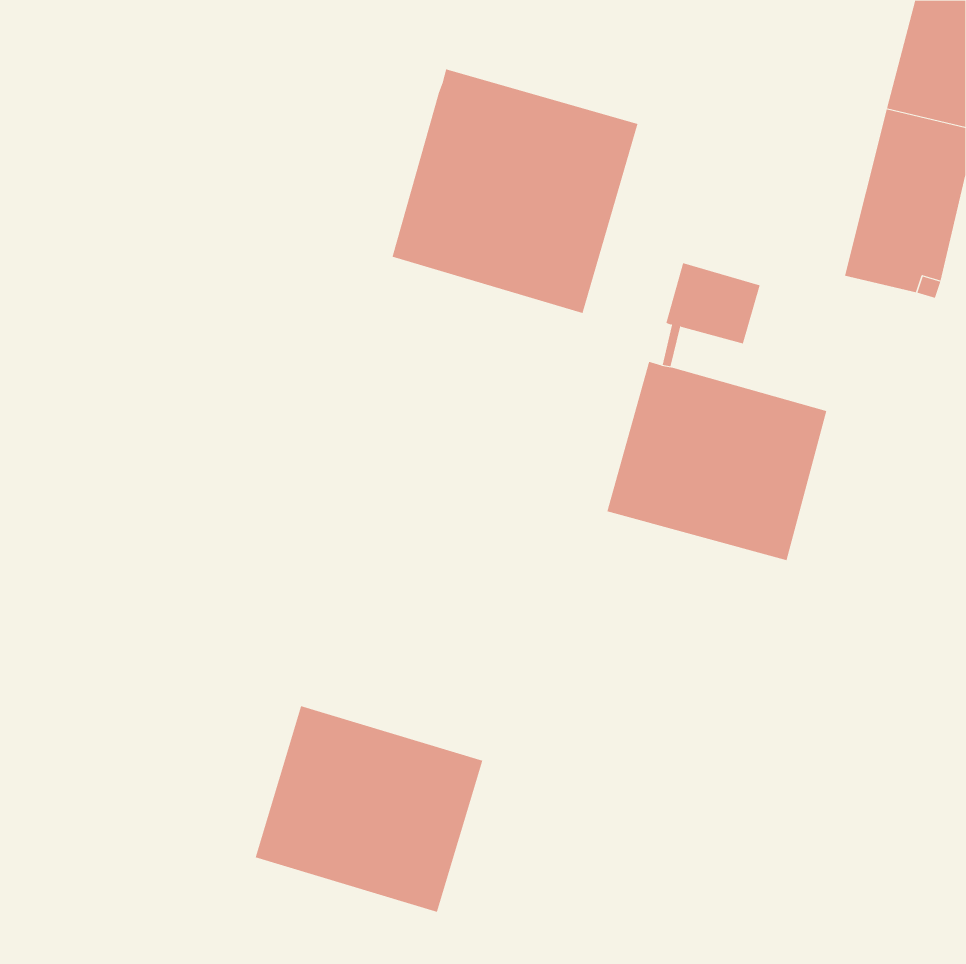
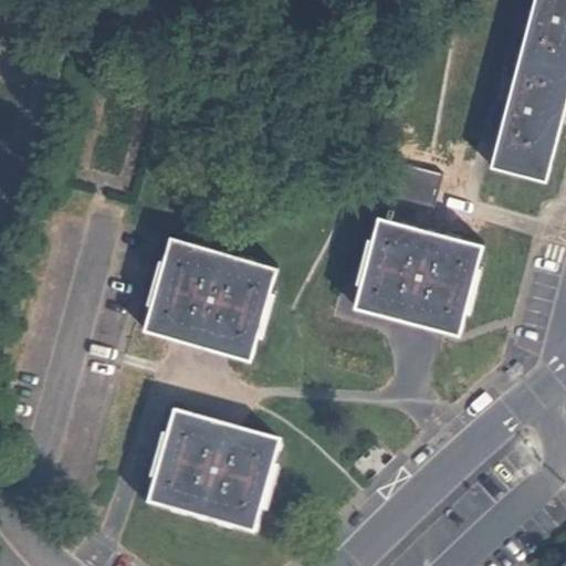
building: [392,68,638,314] -> none
building: none -> [147,240,274,356]

